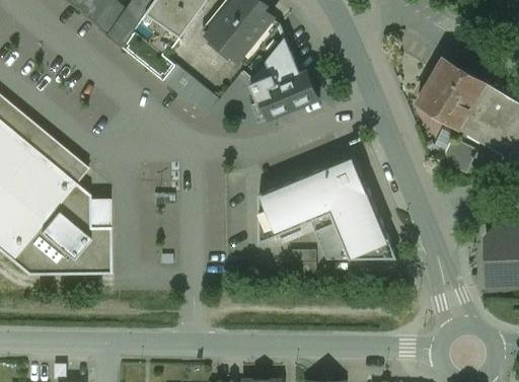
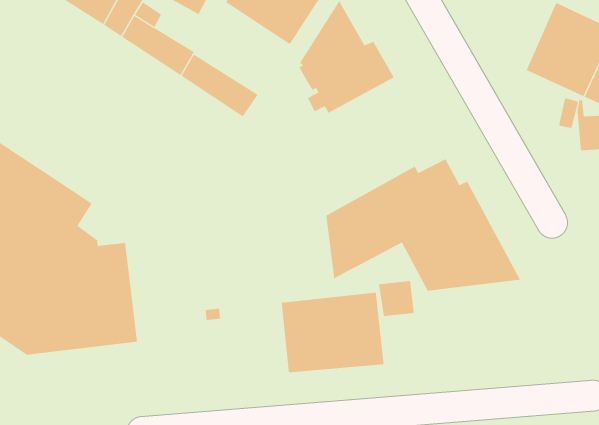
building: none -> [281,292,384,373]

